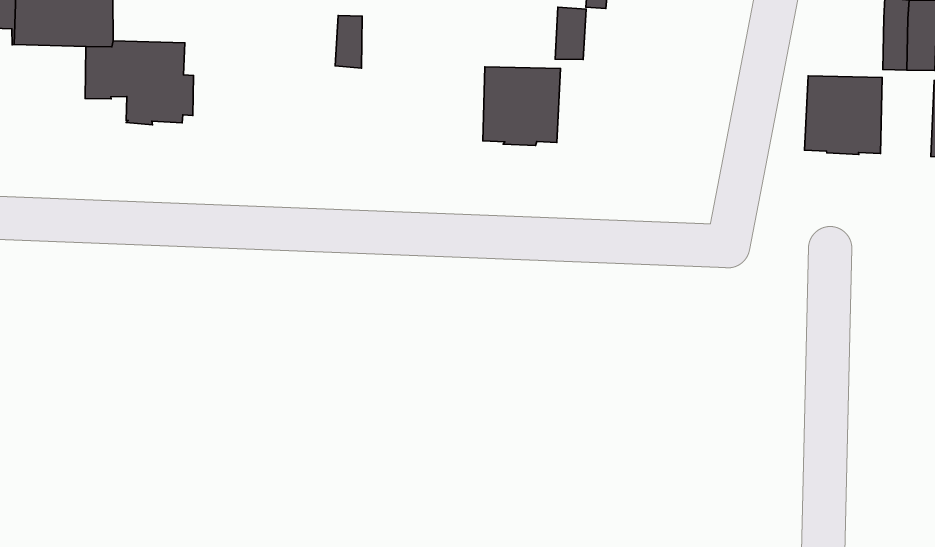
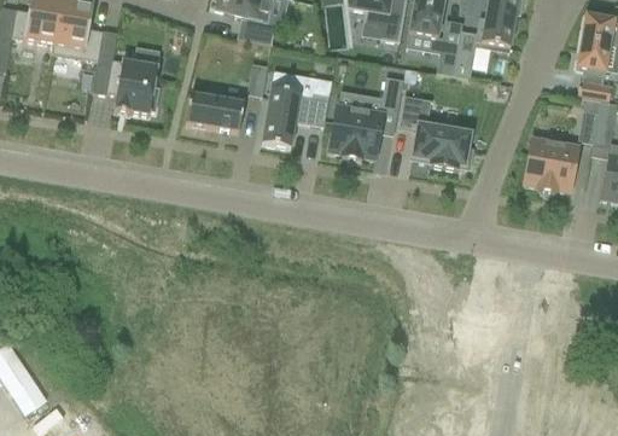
building: none -> [400,93,473,168]
building: none -> [263,87,331,145]
building: none -> [187,91,245,129]

